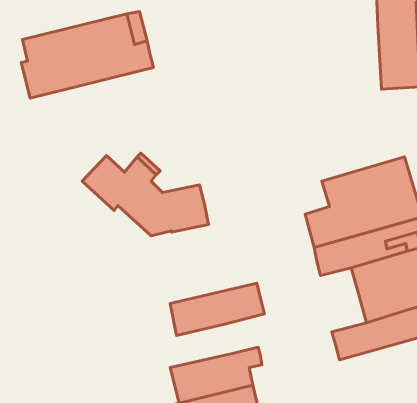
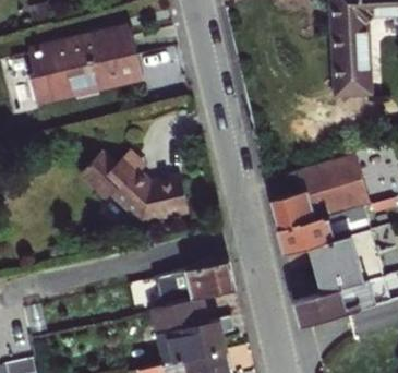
building: none -> [149,297,208,334]

